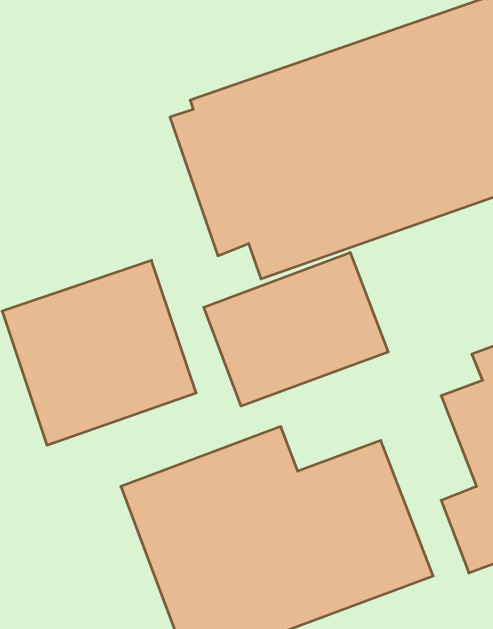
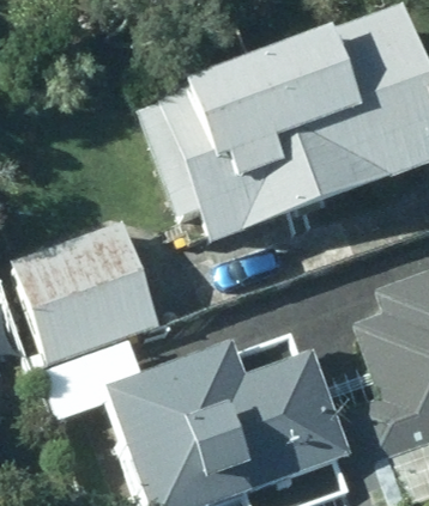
building: [204,252,388,406] -> none

